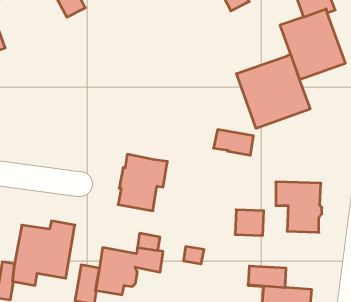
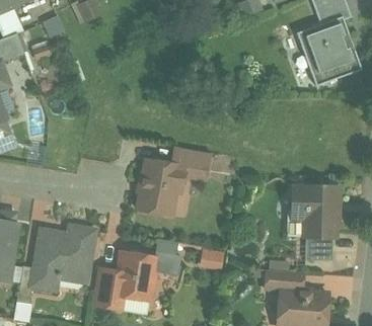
building: [236,54,310,128] -> none
building: [213,130,253,155] -> [171,147,211,172]
building: [235,210,264,235] -> [305,236,333,261]

